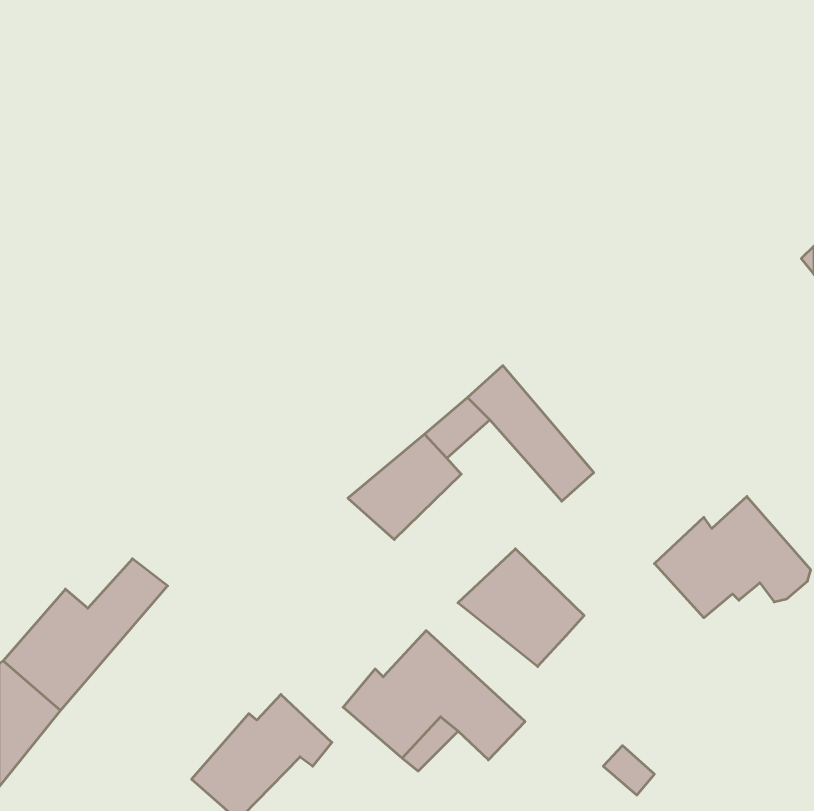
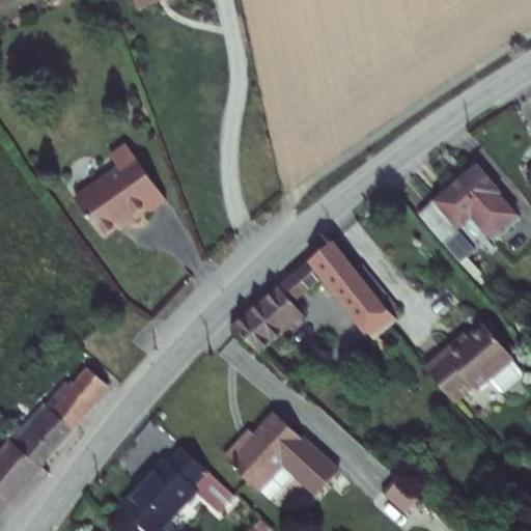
building: none -> [77,145,168,239]
building: none -> [417,156,516,254]
building: [458,549,584,667] -> none

